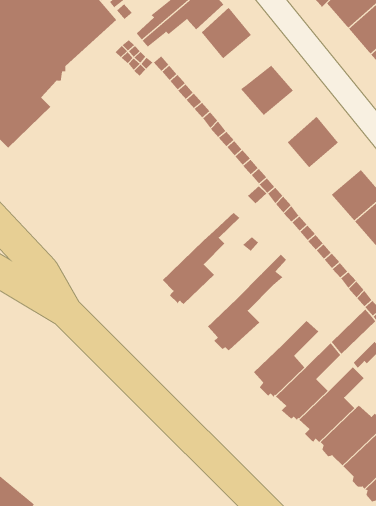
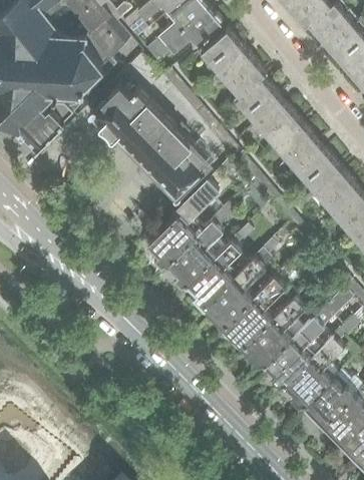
building: none -> [214,53,266,97]
building: none -> [86,87,209,202]
building: none -> [255,101,301,146]
building: none -> [294,146,339,191]
building: none -> [146,186,216,267]
building: none -> [187,243,242,307]
building: none -> [226,280,283,347]

